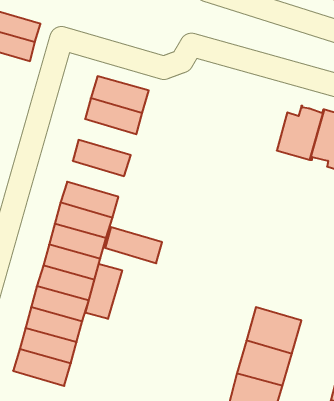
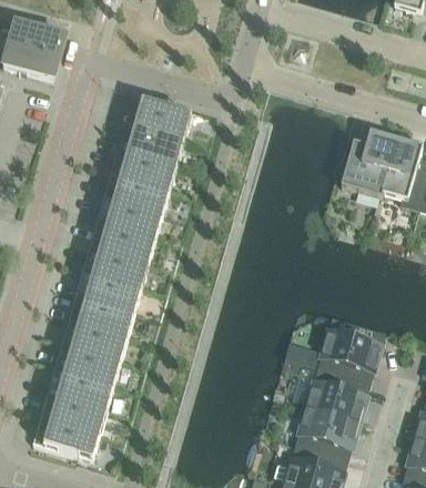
building: none -> [110,146,178,189]
building: [105,227,162,263] -> [97,195,163,237]
building: [86,264,122,319] -> none
building: none -> [317,327,382,382]

